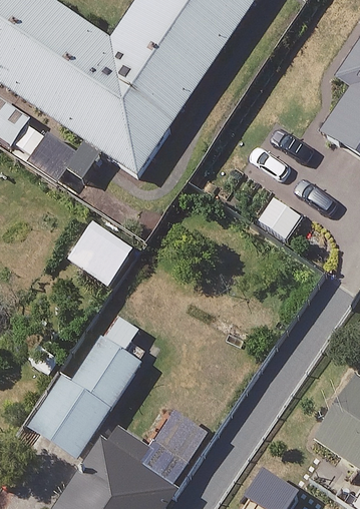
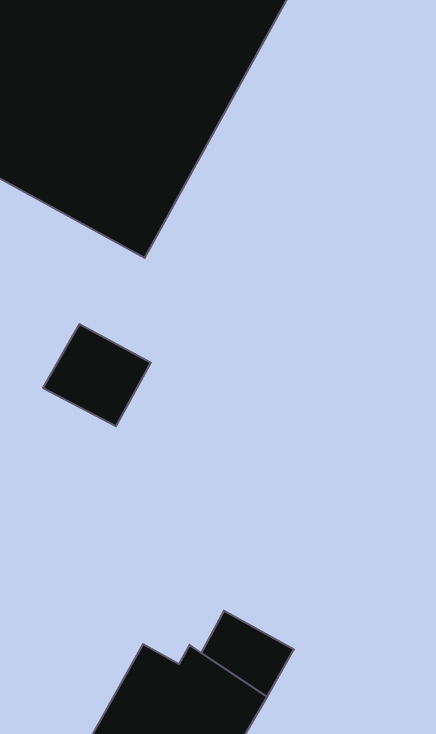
building: [30,307,141,462] -> none

